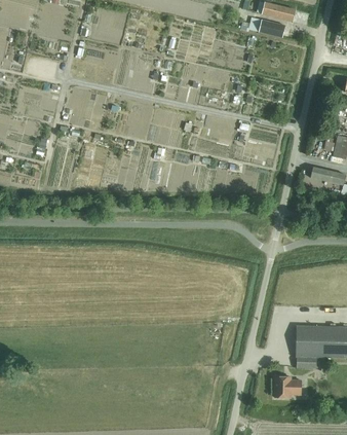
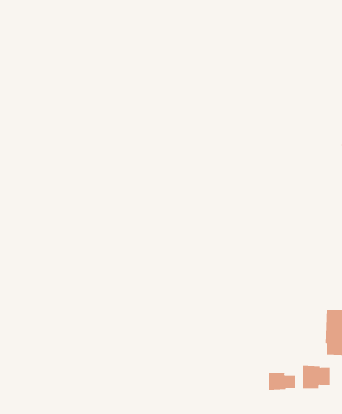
building: none -> [269,372,296,391]

